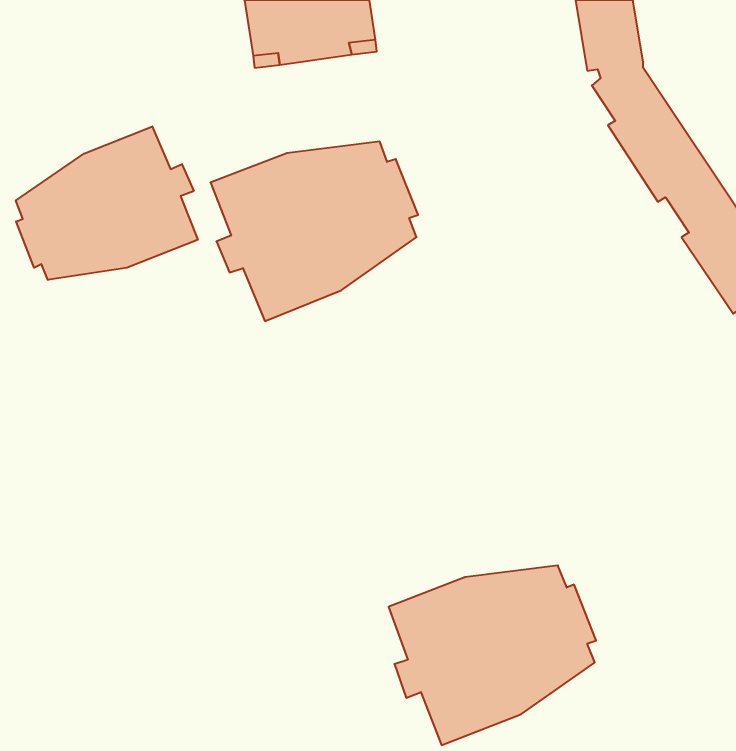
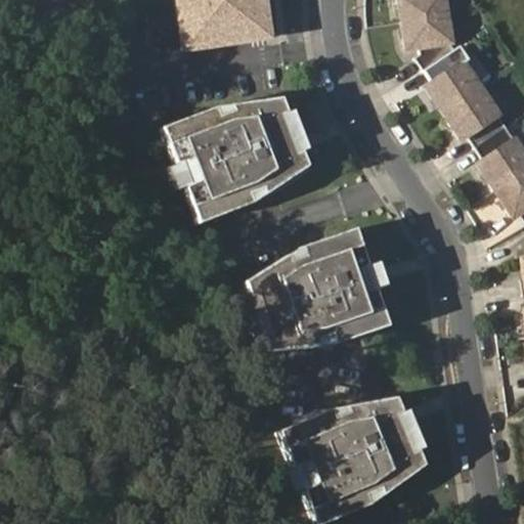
building: [16,126,198,280] -> none
building: none -> [250,229,389,350]

